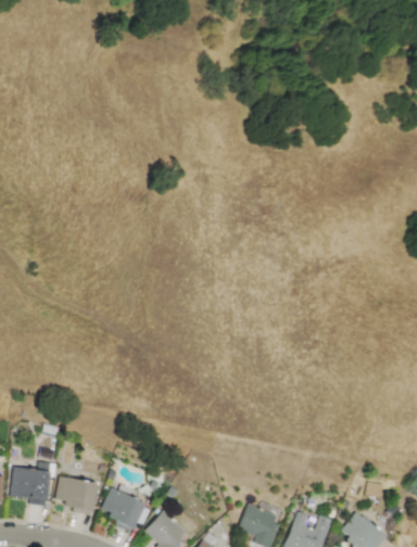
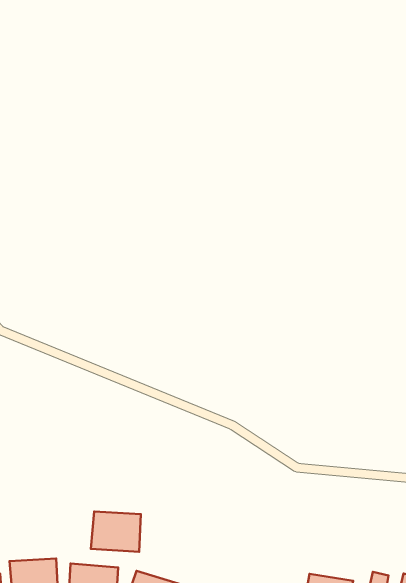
building: none -> [91,511,141,552]

